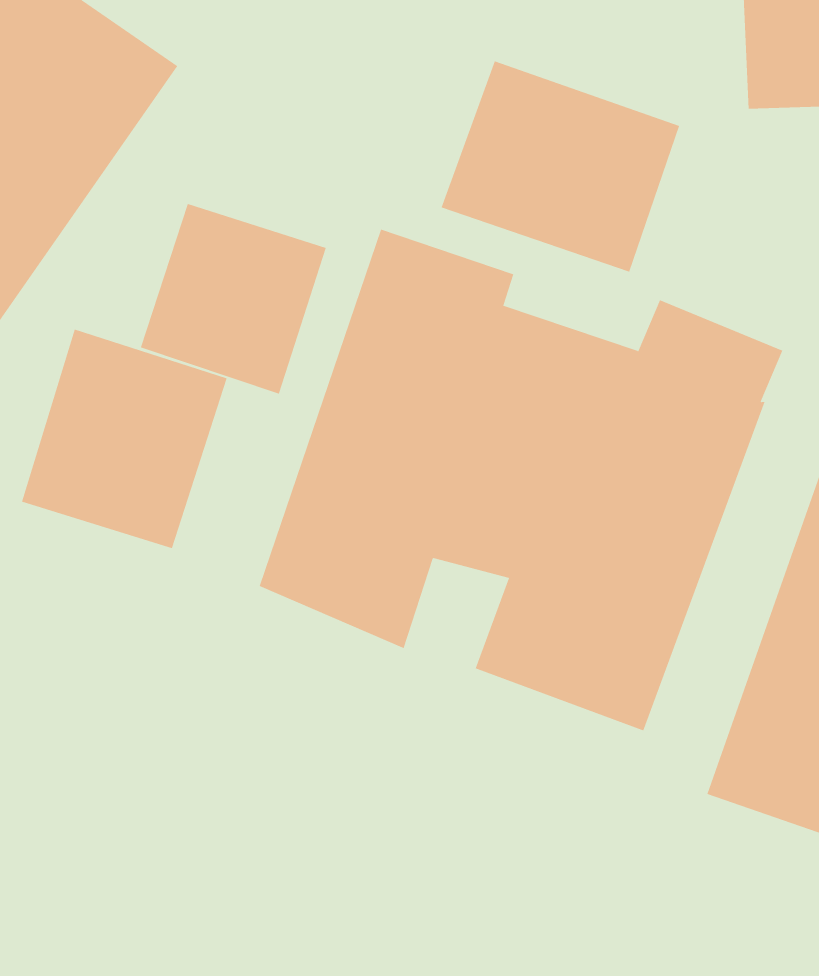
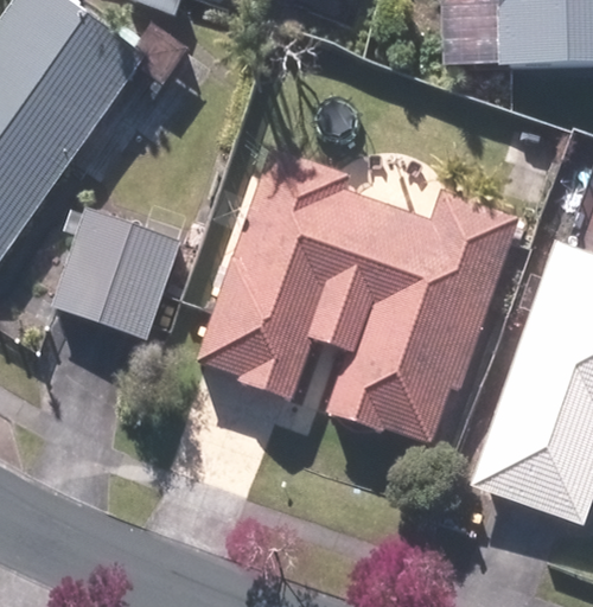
building: [441,61,680,273] -> none
building: [140,203,326,395] -> none

